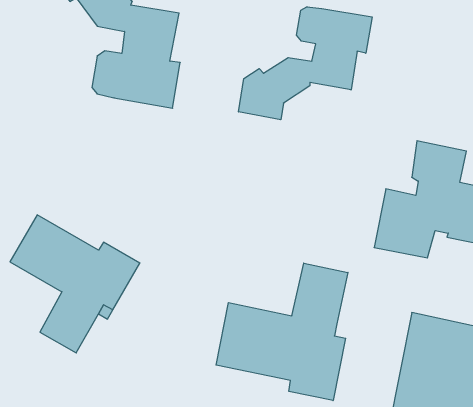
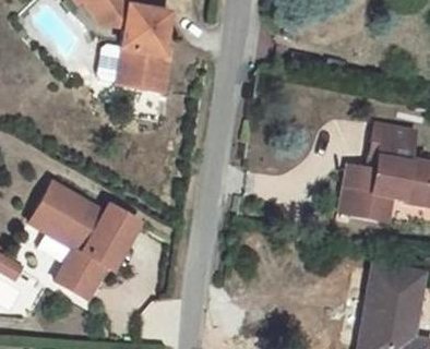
building: [239,7,372,120] -> none
building: [216,263,348,401] -> none

